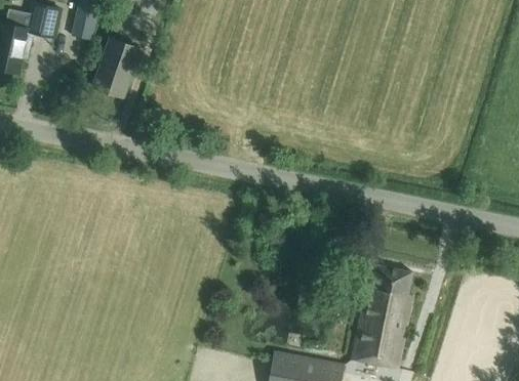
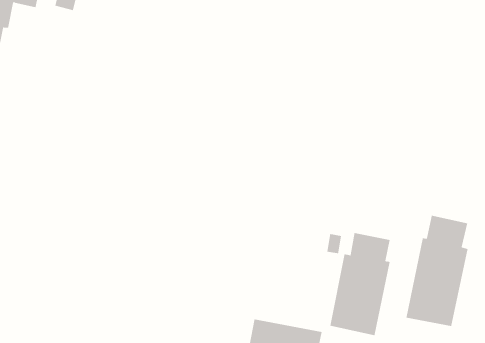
building: [92,39,138,97] -> none
building: none -> [406,215,468,327]

